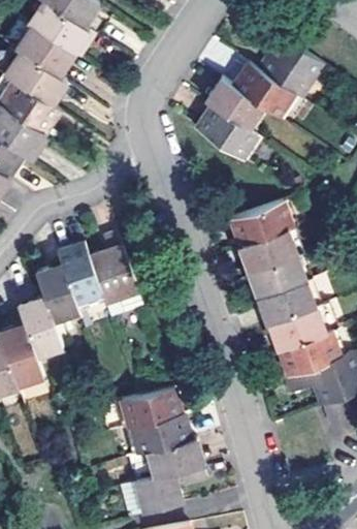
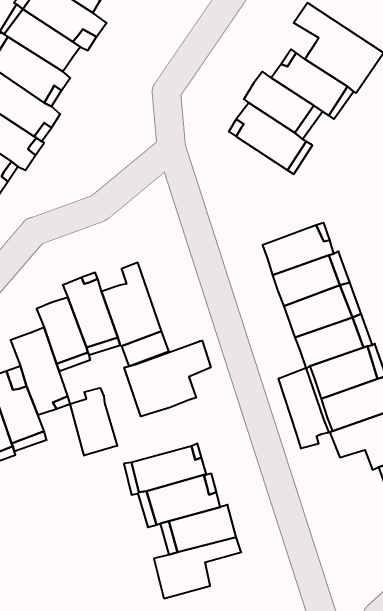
building: none -> [124,341,211,416]
building: none -> [279,368,329,449]
building: none -> [70,388,117,456]

